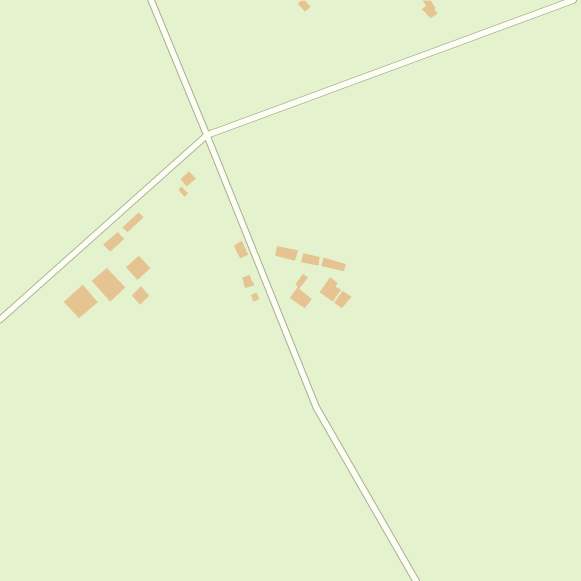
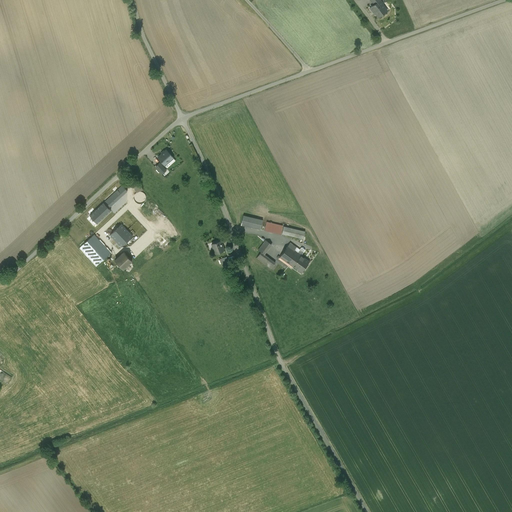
building: [63,284,99,319] -> none

